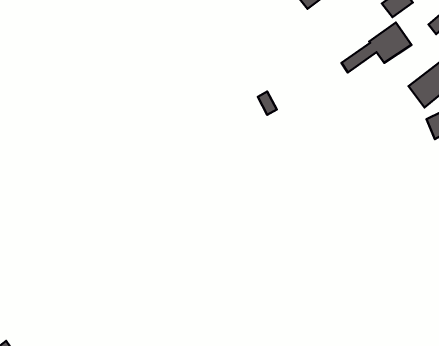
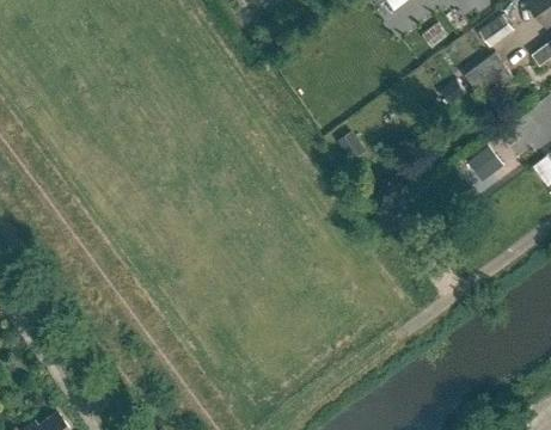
building: none -> [464,143,502,182]

